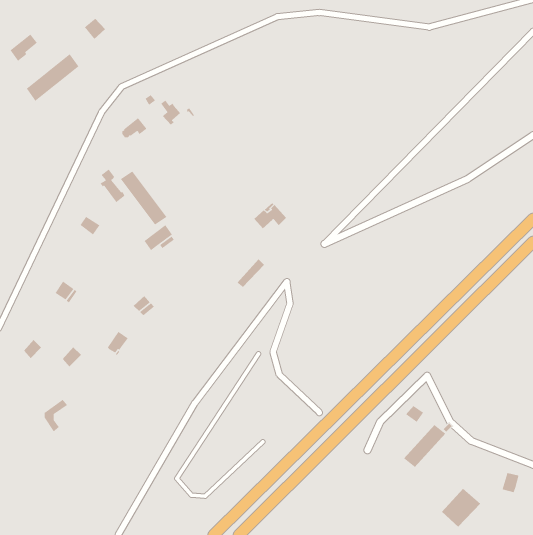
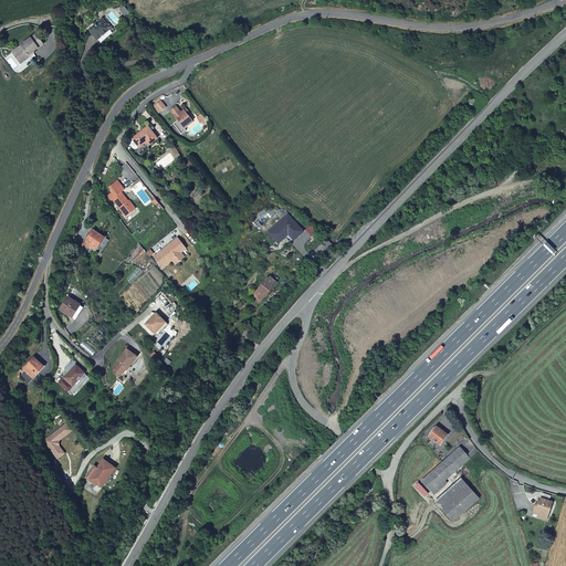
building: [26,53,79,102] -> none
building: [120,171,168,226] -> none
building: none -> [84,459,115,488]
building: [441,488,481,528] -> [442,480,484,522]

